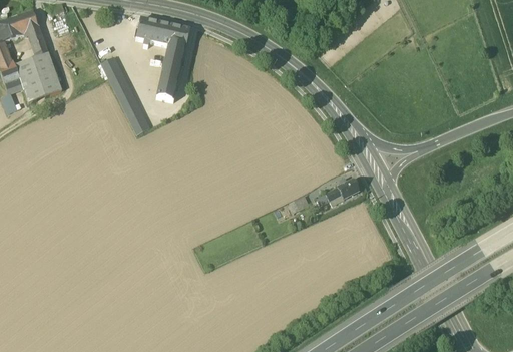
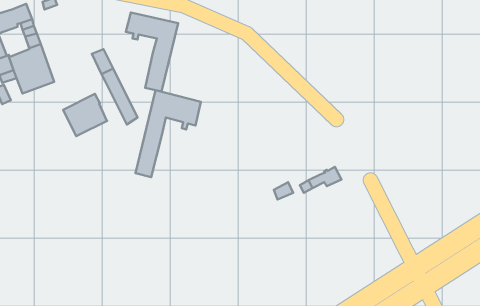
building: none -> [135,90,201,177]
building: none -> [63,94,107,136]

